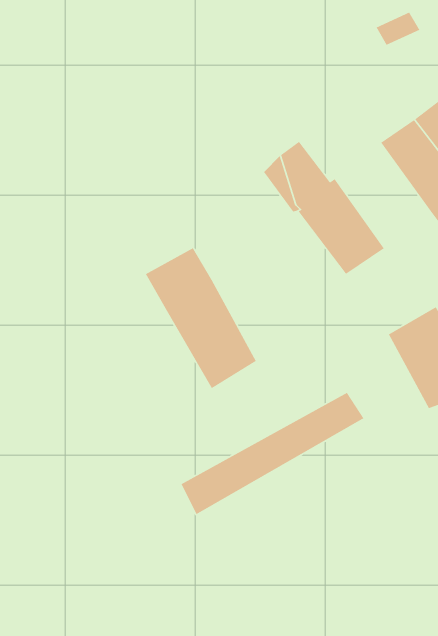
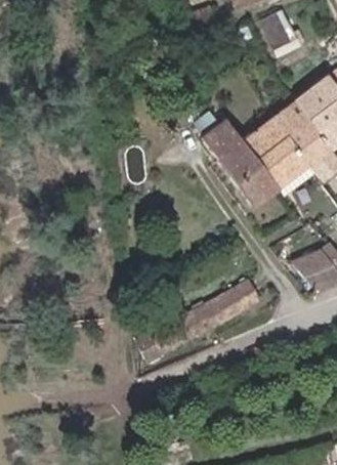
building: none -> [244,118,306,187]
building: [145,247,257,389] -> none

